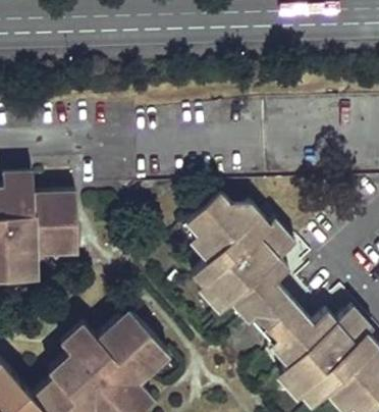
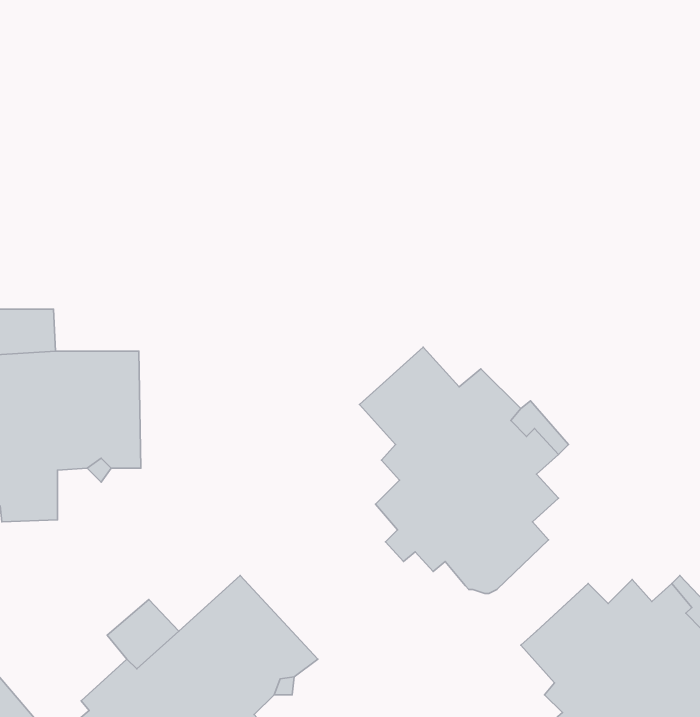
building: [259,295,306,342] -> none

